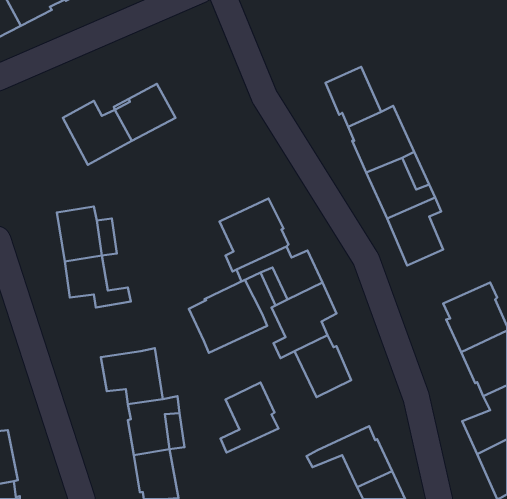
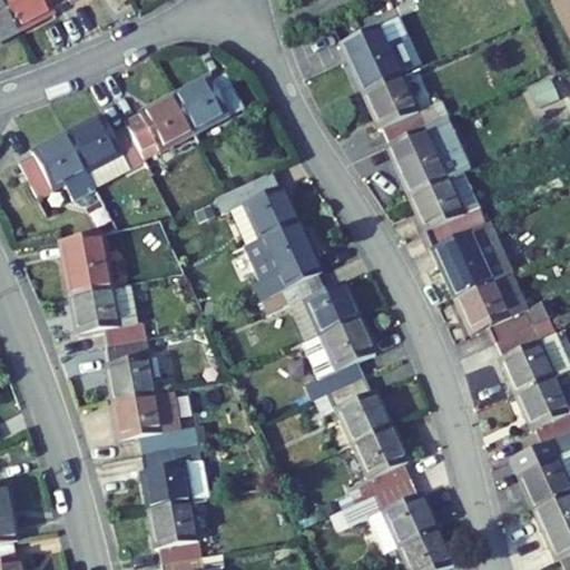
building: none -> [341,19,415,92]
building: none -> [175,71,245,131]
building: none -> [22,131,99,197]
building: none -> [216,170,299,246]
building: none -> [454,271,552,338]
building: [189,280,267,353] -> none
building: none -> [107,334,166,399]
building: [221,383,278,452] -> [347,424,412,502]

